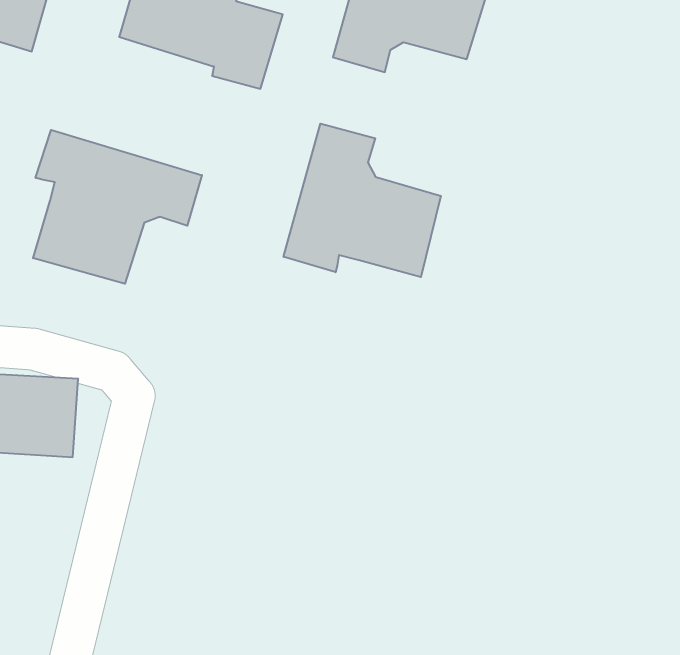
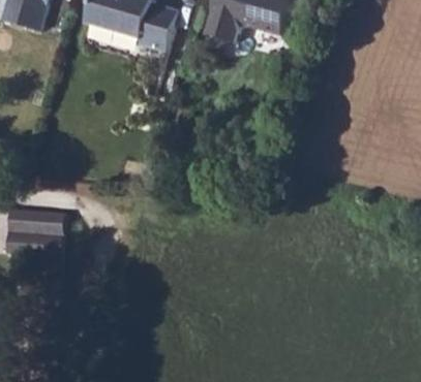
building: [284,124,441,277] -> none
building: [33,130,202,284] -> none

